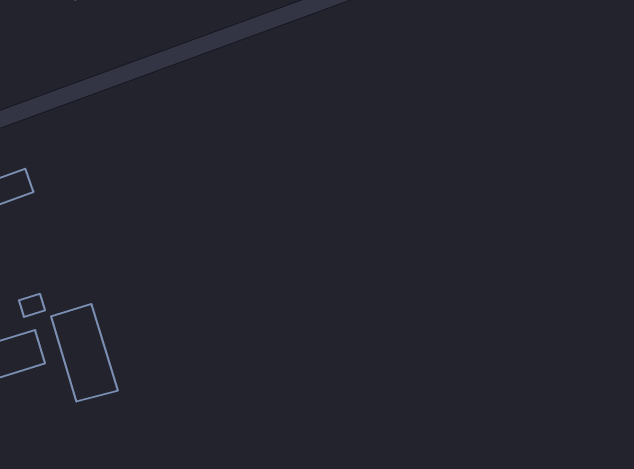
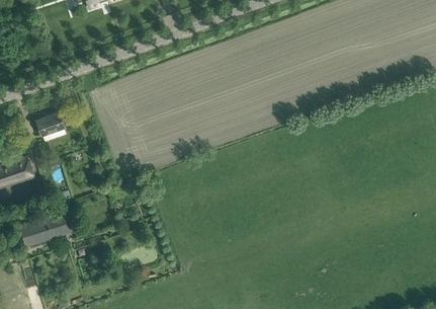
building: [51,304,118,402] -> none

